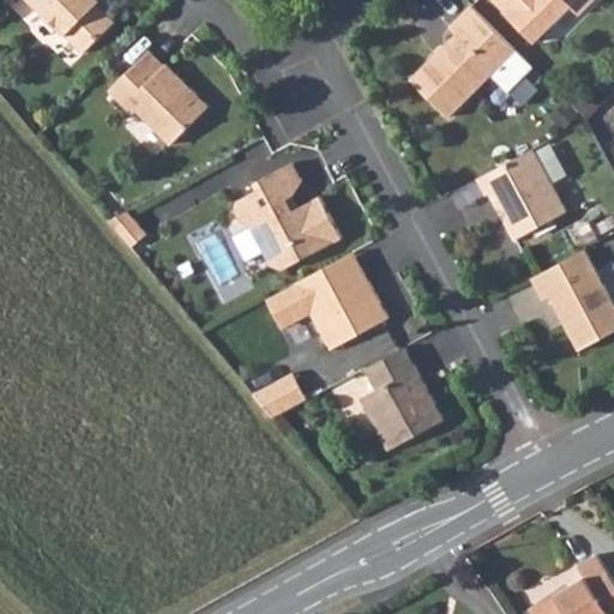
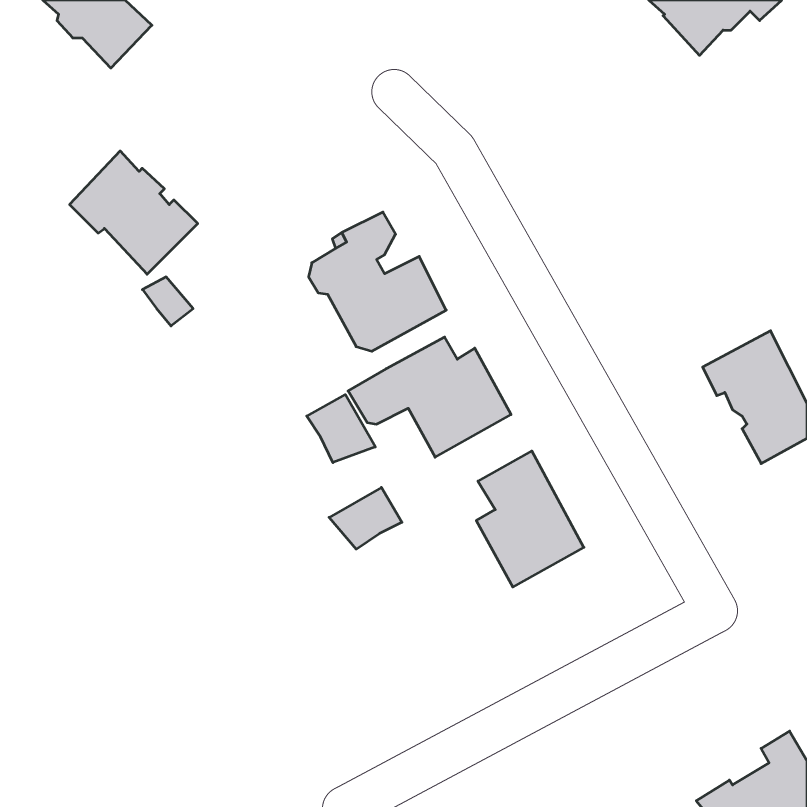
building: [410,7,531,118] -> none
building: [112,50,209,144] -> [70,151,198,274]
building: [477,151,566,242] -> none
building: none -> [307,395,375,463]

